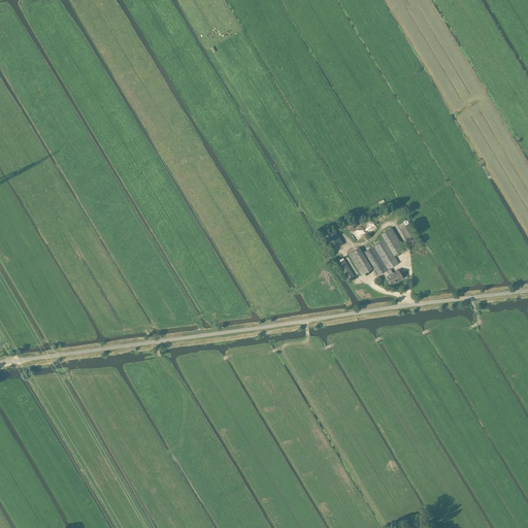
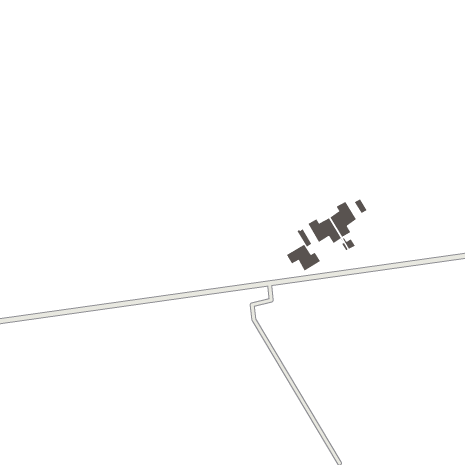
building: none -> [286,244,321,272]

